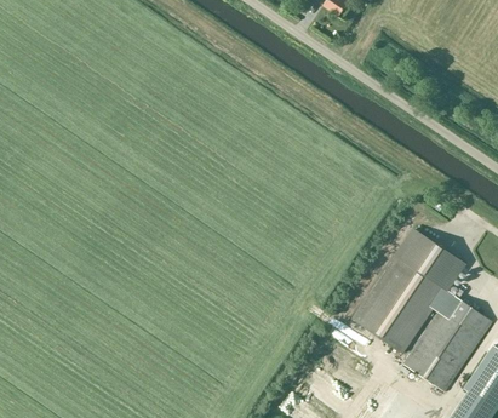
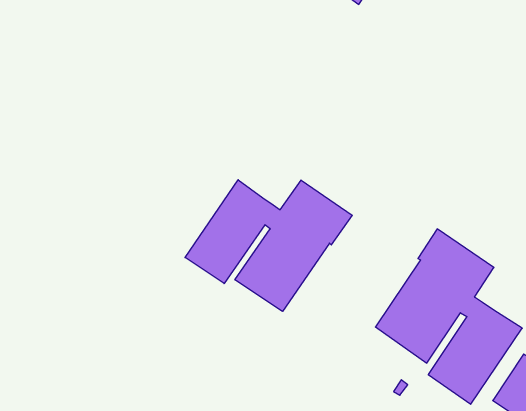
building: none -> [185,180,352,311]

